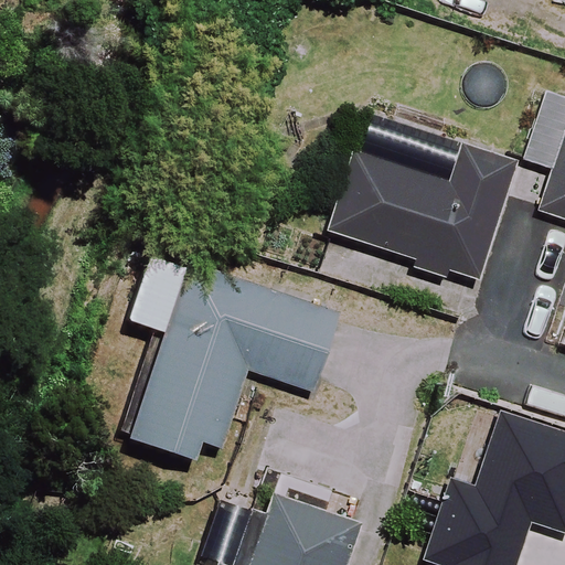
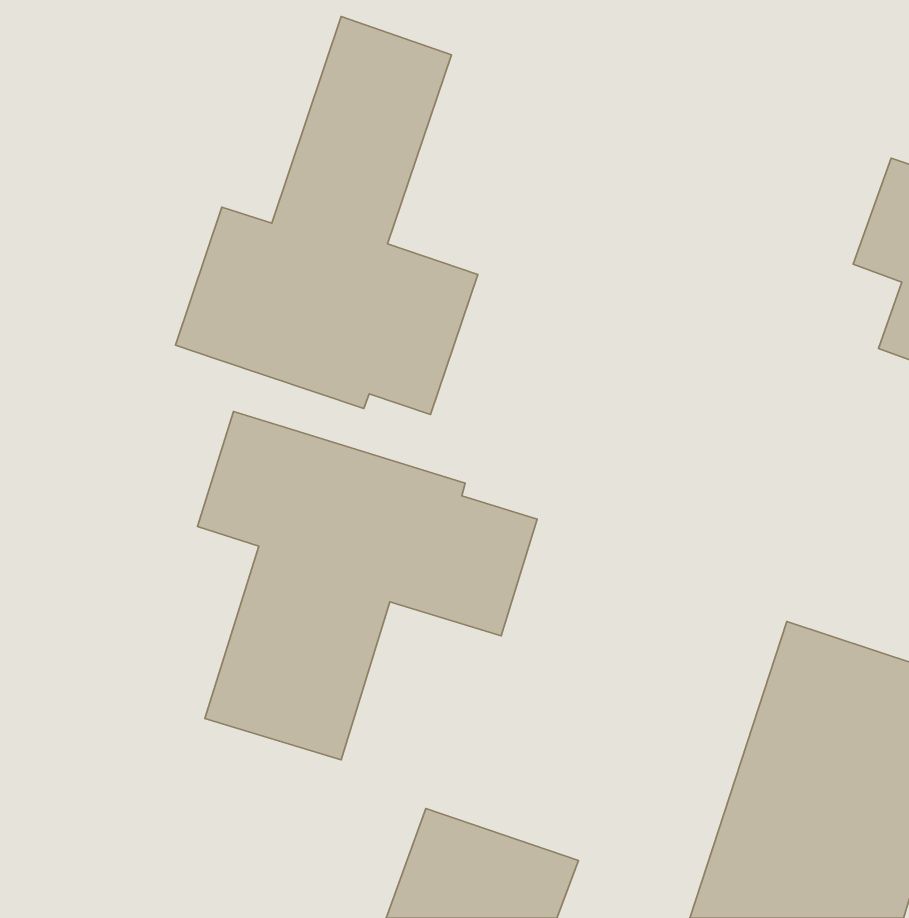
building: none -> [176,16,478,414]
building: [330,117,512,282] -> none

